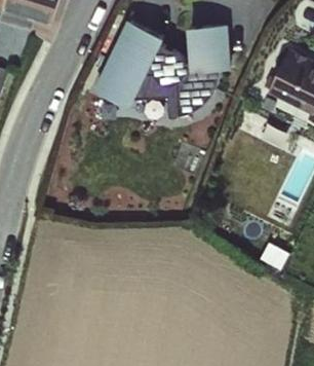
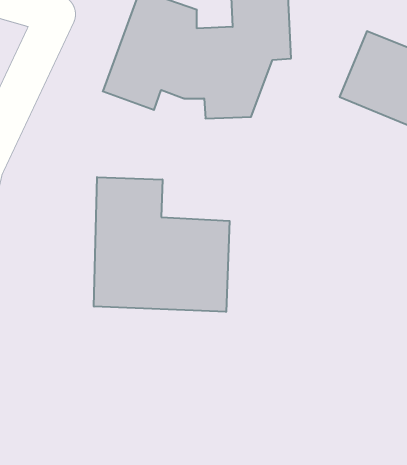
building: none -> [94,177,230,312]

